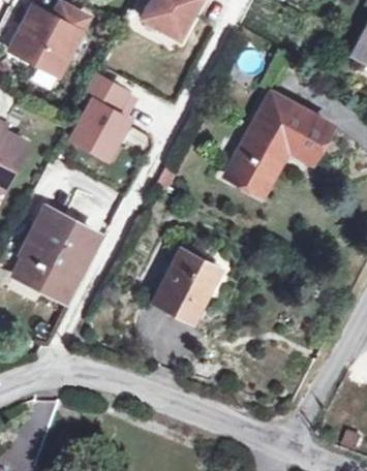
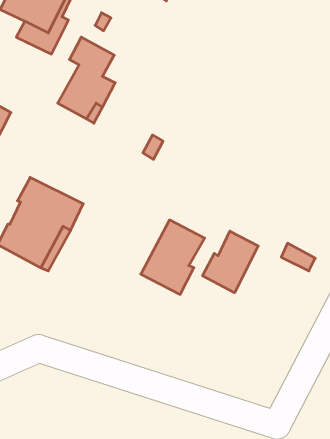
building: [228,94,329,193] -> none
building: none -> [203,231,258,293]

